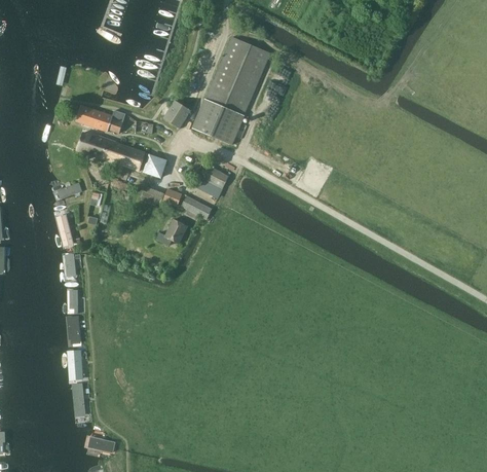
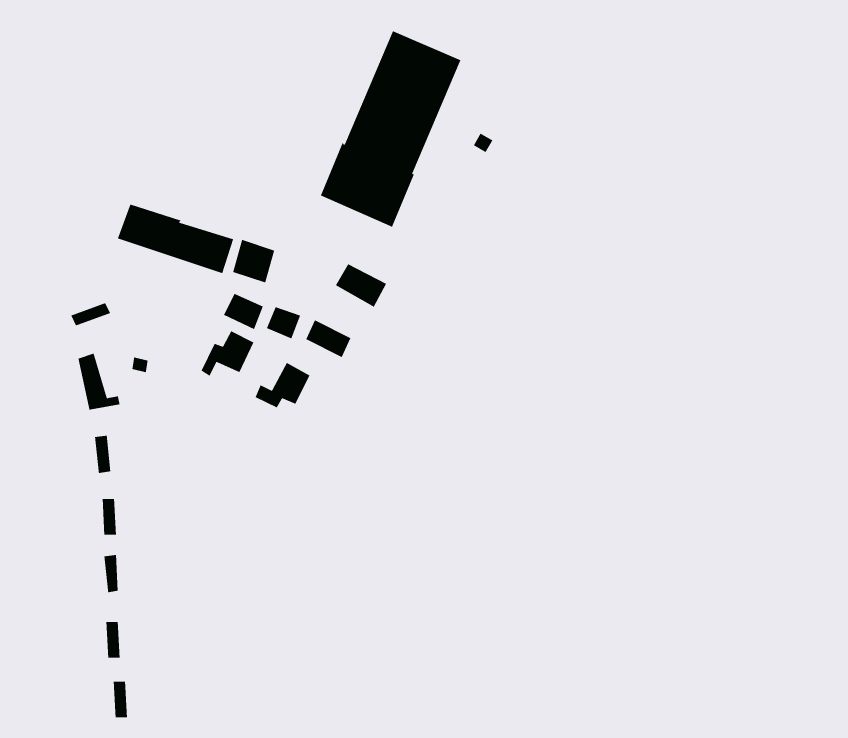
building: [162,100,190,129] -> none
building: [75,105,124,133] -> none
building: none -> [200,330,255,377]

